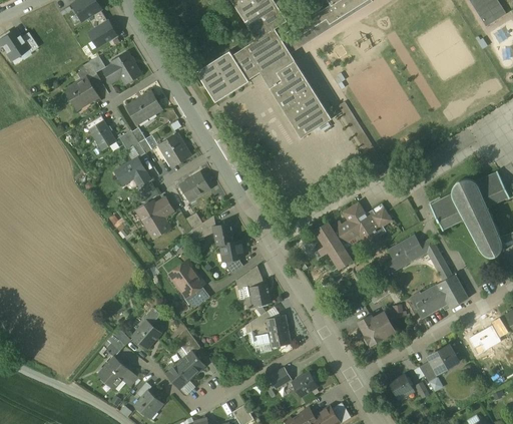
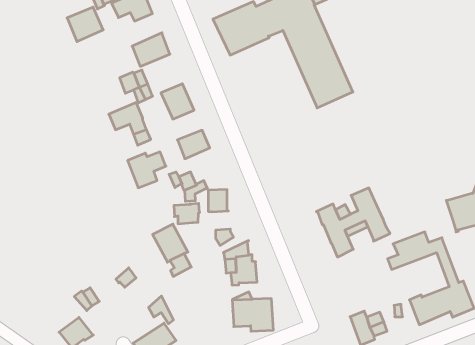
building: [88,119,116,150] -> none
building: [365,206,392,236] -> none
building: [219,240,243,261] -> [174,203,200,224]
building: [132,320,159,348] -> none

